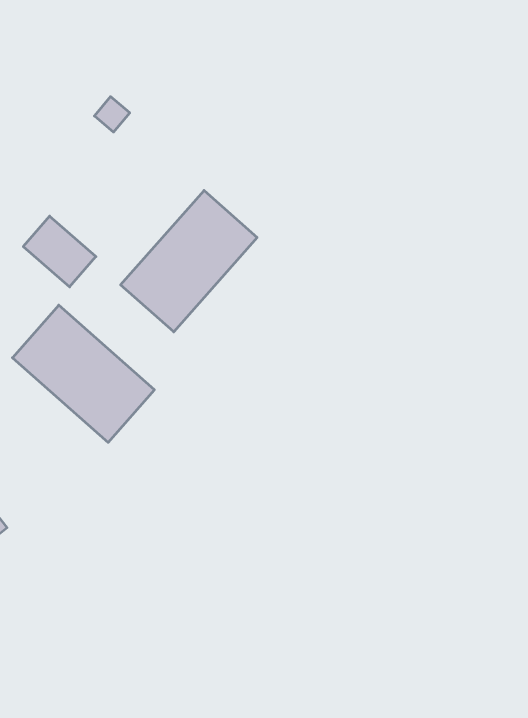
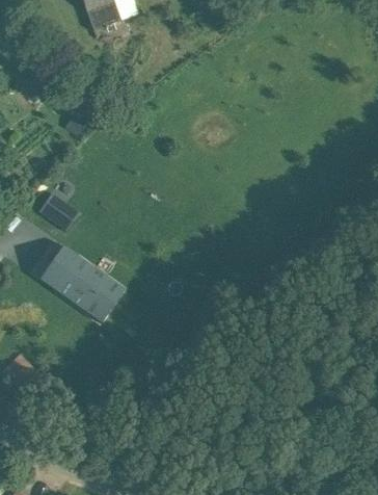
building: [121,190,257,332] -> none

